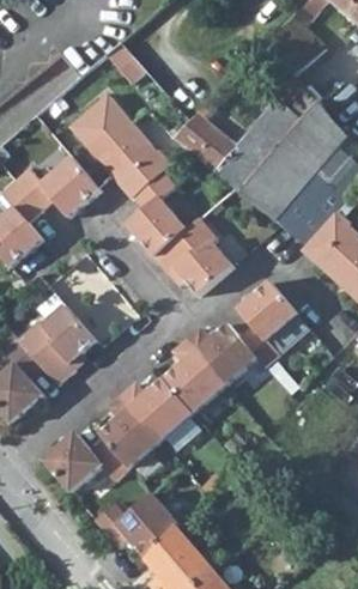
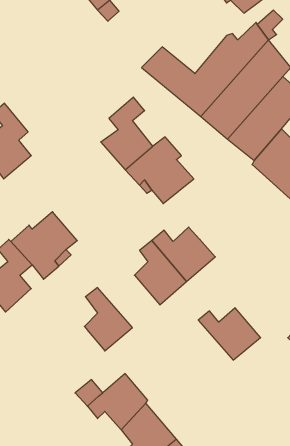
building: [71,97,172,199] -> none
building: [12,154,101,218] -> none
building: [238,283,298,366] -> none
building: [121,379,194,441] -> [198,308,261,360]
building: [44,432,129,491] -> none

